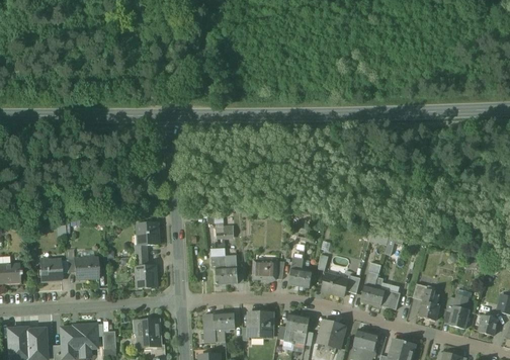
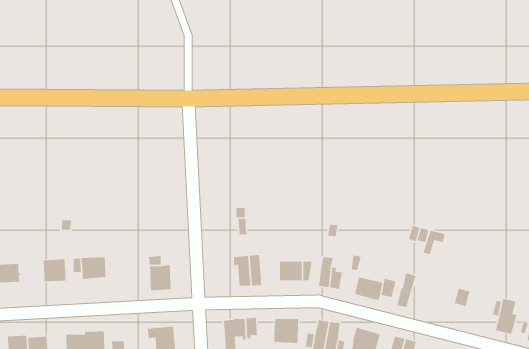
building: [138,221,159,245] -> none
building: [369,277,400,310] -> none
building: [418,291,438,322] -> none

